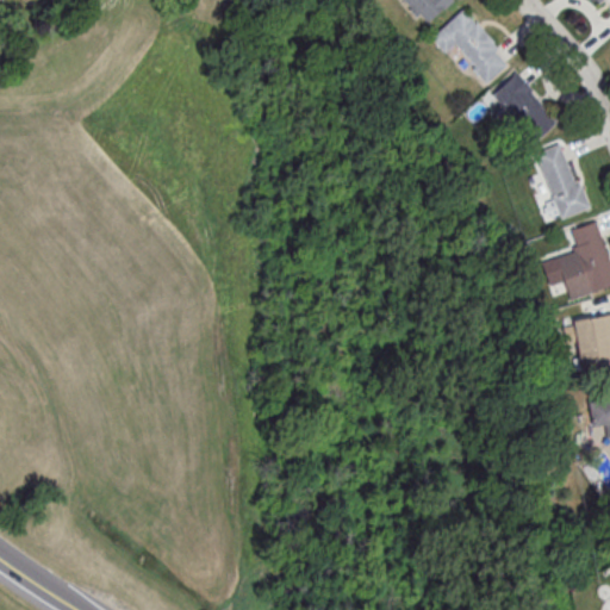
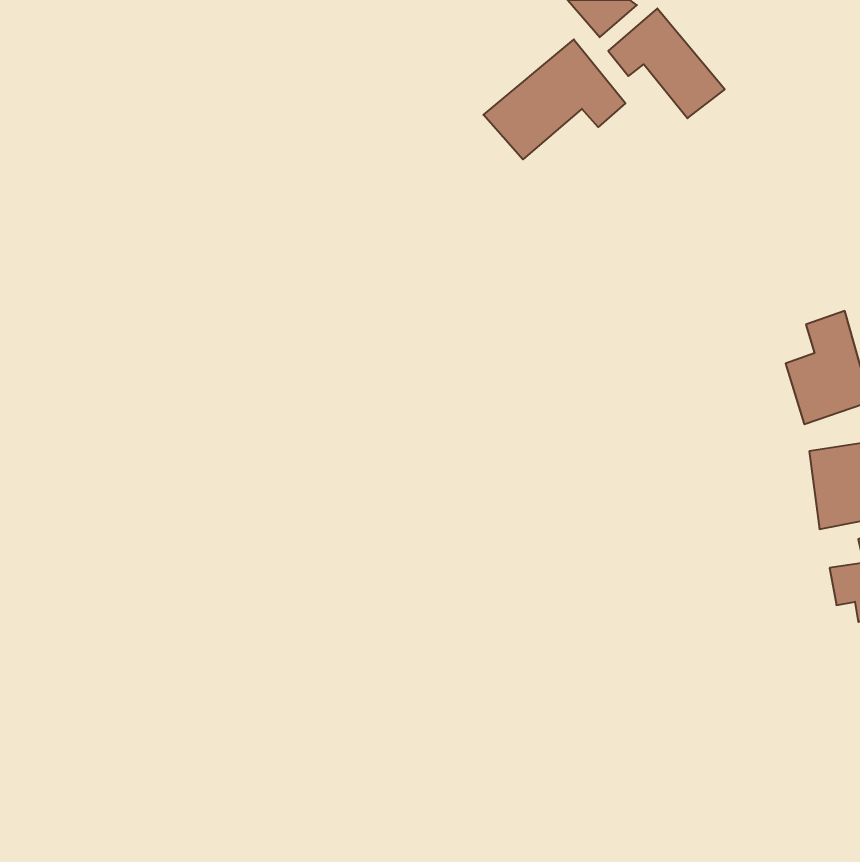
building: none -> [483,39,625,159]
building: [492,71,561,143] -> none
building: [534,142,589,219] -> none

